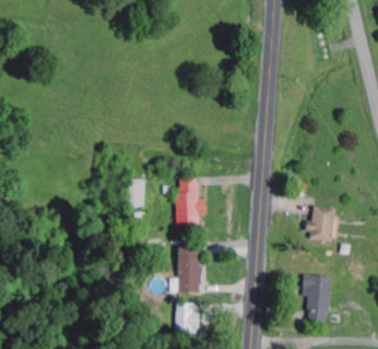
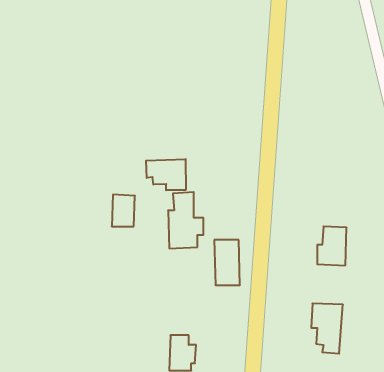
building: none -> [146,159,186,190]
building: [178,249,201,289] -> [214,240,240,285]

